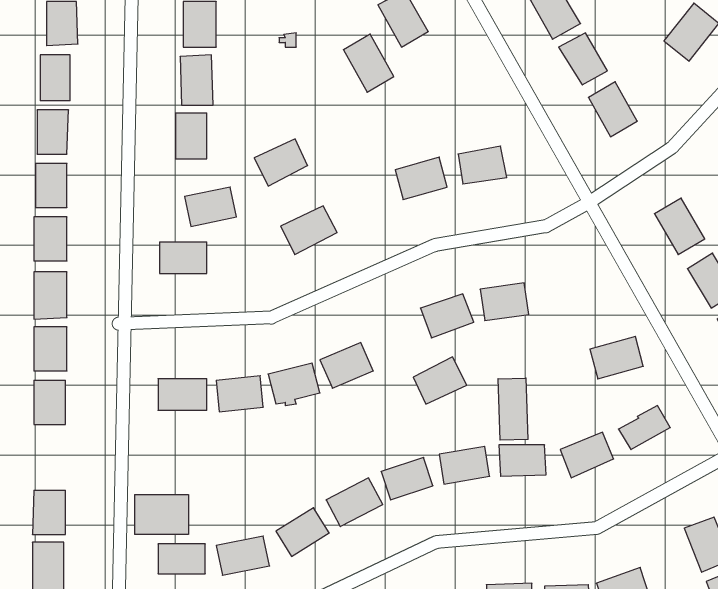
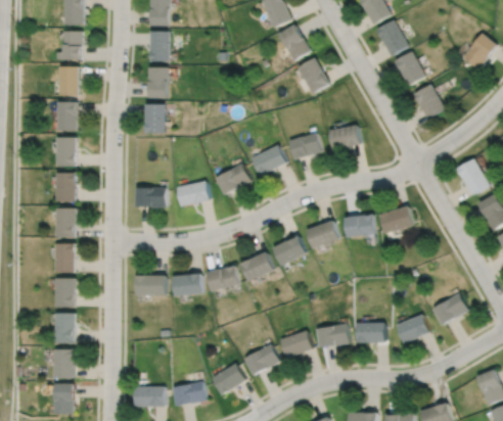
building: [343,34,394,92] -> [296,57,329,95]
building: [254,139,308,186] -> [250,146,285,177]
building: [185,187,236,226] -> [176,182,210,207]
building: [590,336,643,379] -> [379,207,414,235]
building: [413,357,467,404] -> [272,236,307,267]
building: [498,378,528,440] -> none
building: none -> [52,313,75,343]
building: [135,495,188,534] -> none

